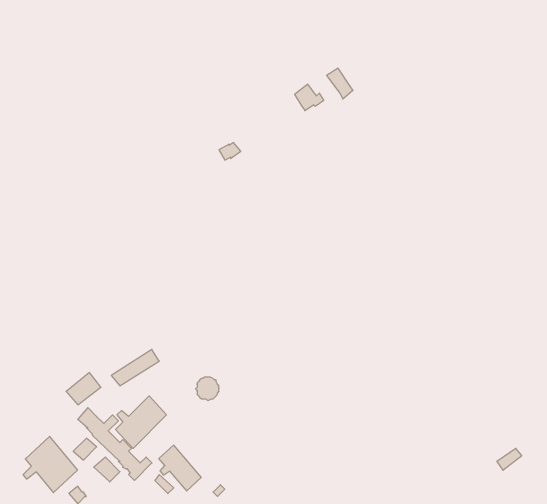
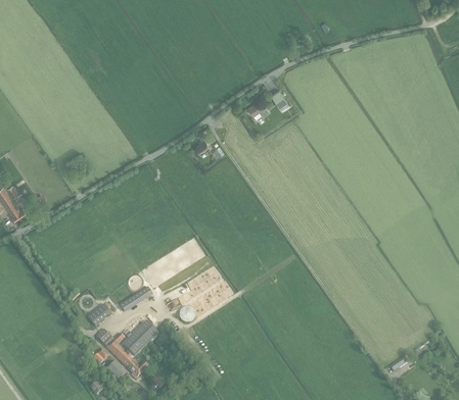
building: [23,436,77,493] -> none
building: [159,445,201,491] -> none

